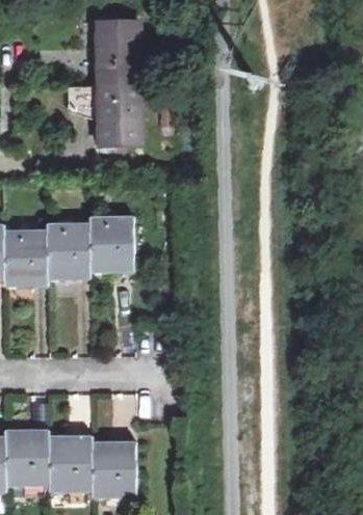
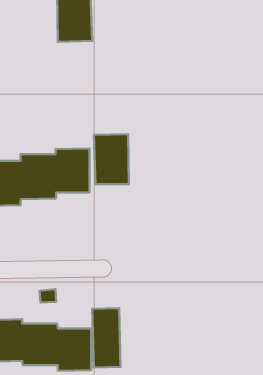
building: [95,84,138,146] -> [94,134,129,184]
building: none -> [92,308,120,367]

